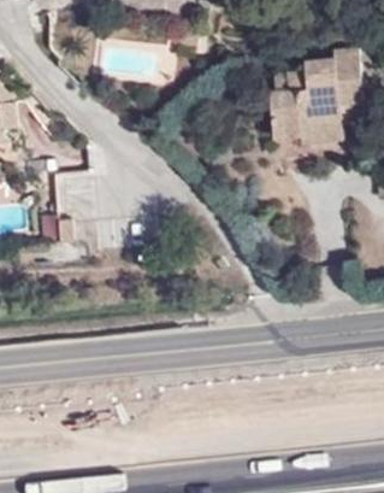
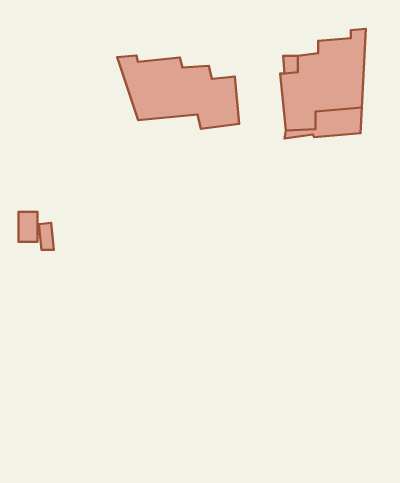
building: none -> [117,55,239,129]

